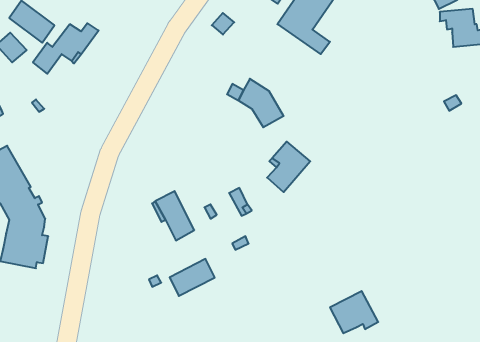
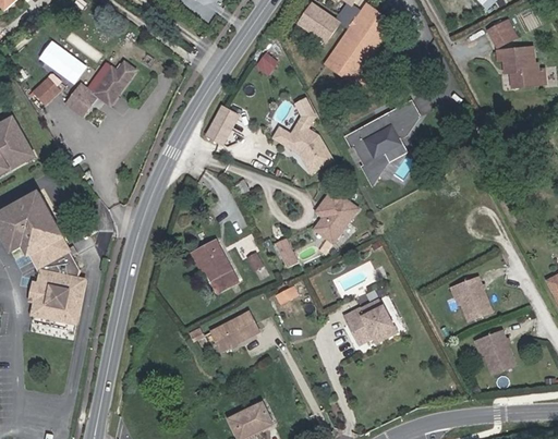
building: none -> [345,101,418,185]
building: none -> [206,102,242,144]
building: none -> [451,277,490,320]
building: none -> [475,330,514,374]
building: [330,291,378,333] -> [344,298,396,343]

